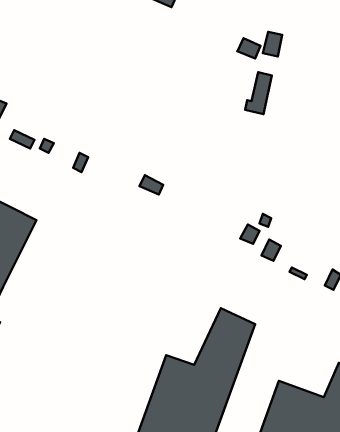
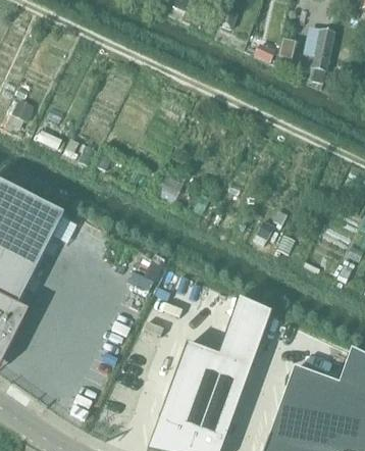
building: [245,72,272,114] -> [309,27,334,66]

